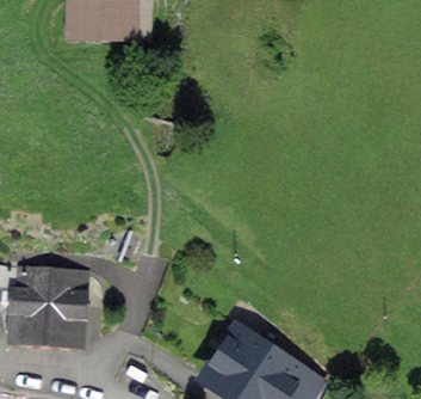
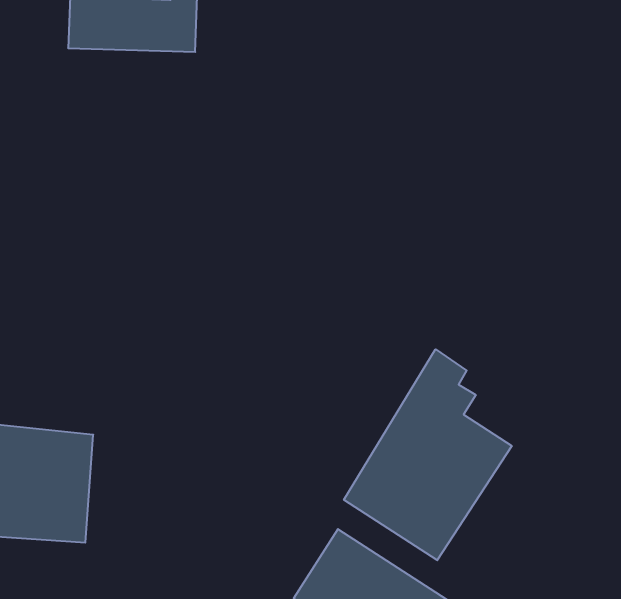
building: none -> [344,349,512,560]

